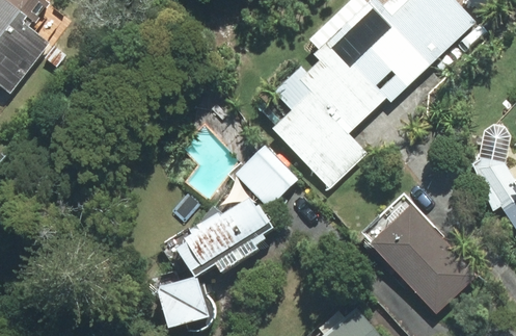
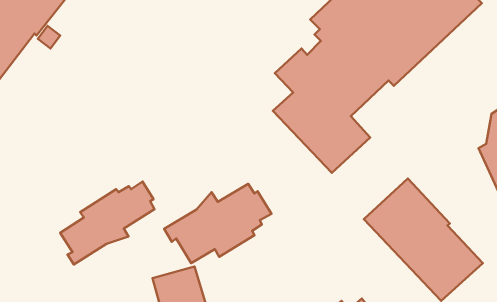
building: [235,147,296,208] -> none
building: none -> [60,181,155,264]

